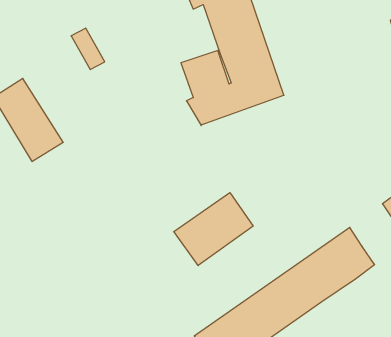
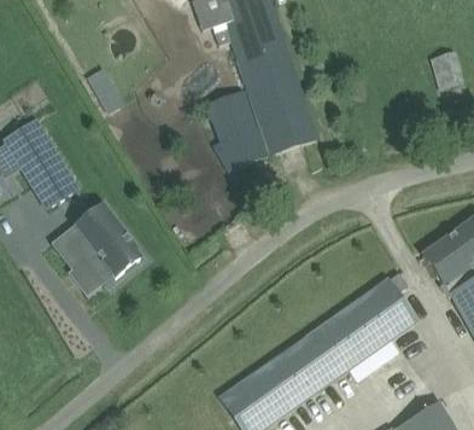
building: none -> [52,205,140,284]
building: [174,193,253,266] -> none

